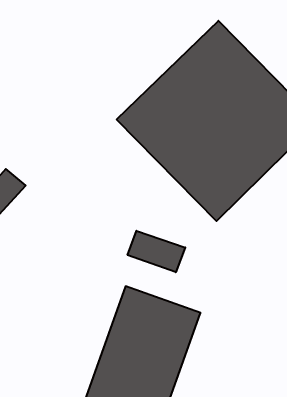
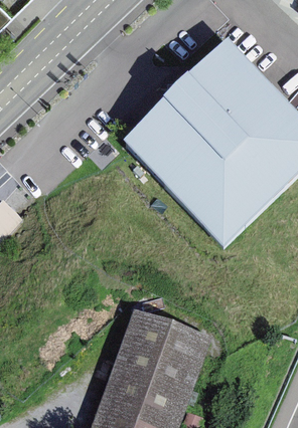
building: [128,231,185,272] -> none

